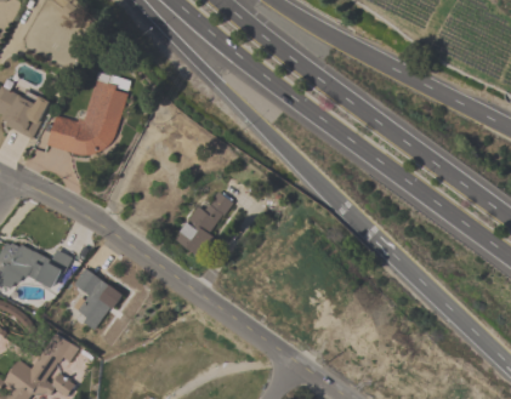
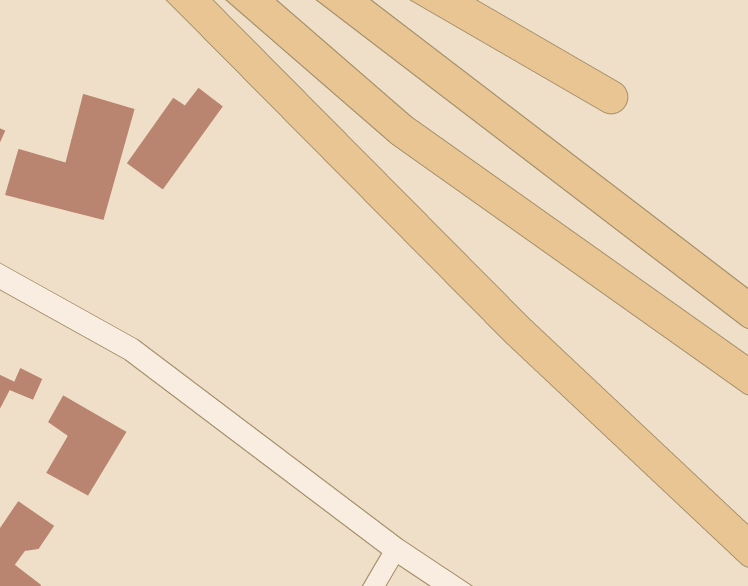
building: [172,192,233,256] -> [126,87,224,191]

